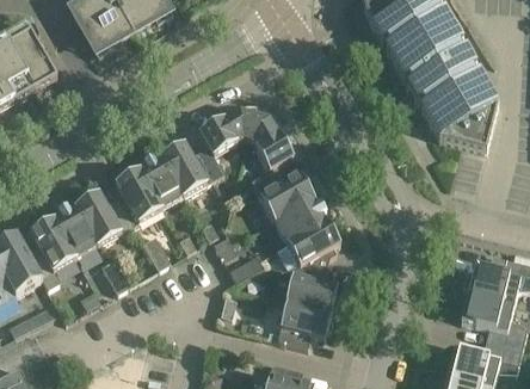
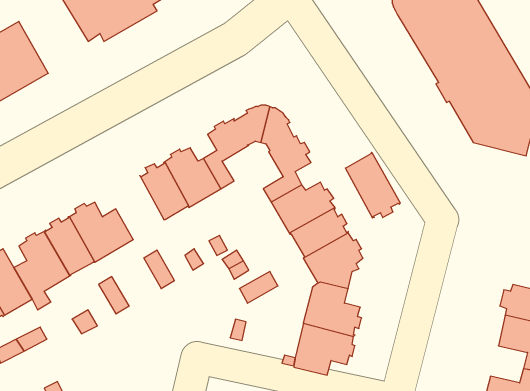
building: none -> [345,152,400,218]
building: [115,168,161,226] -> none

